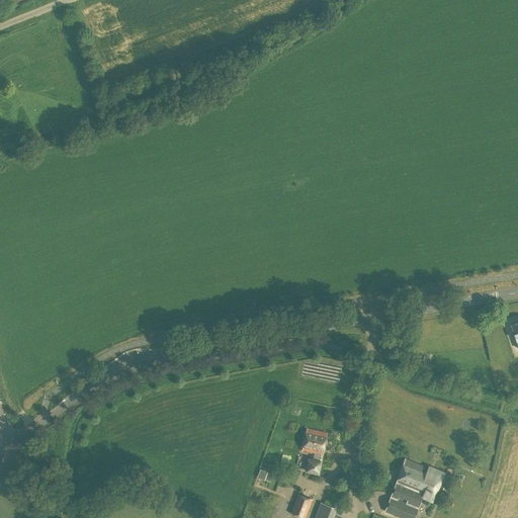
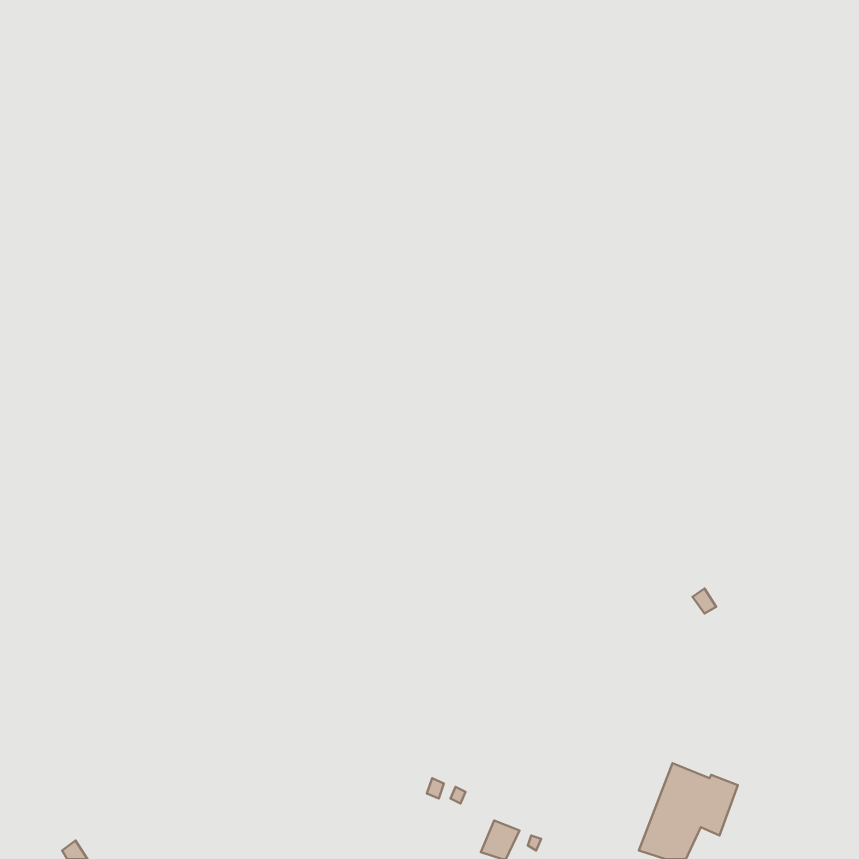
building: [301,428,327,476] -> none

